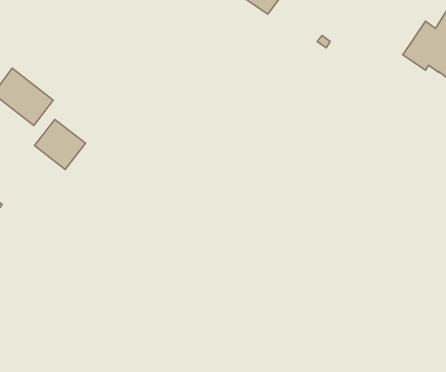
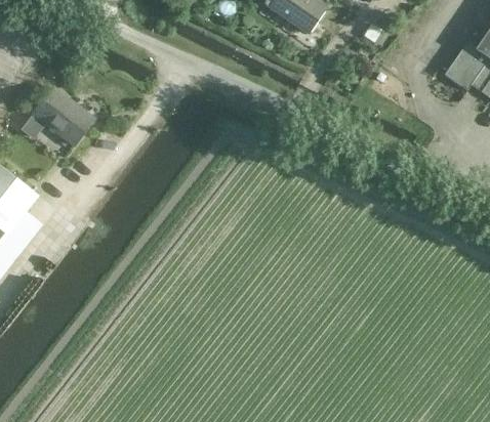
building: [34,119,86,169] -> none

